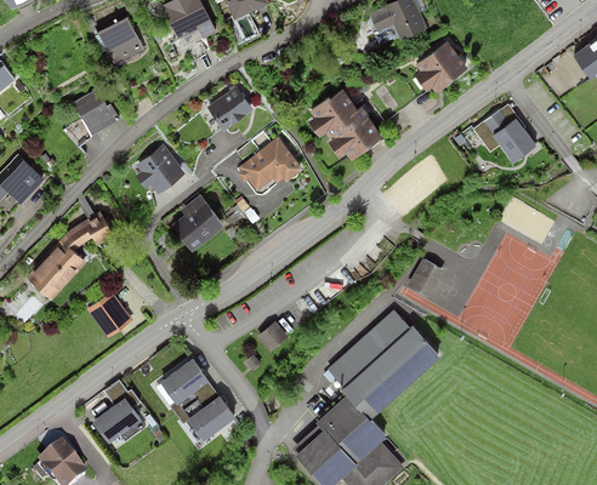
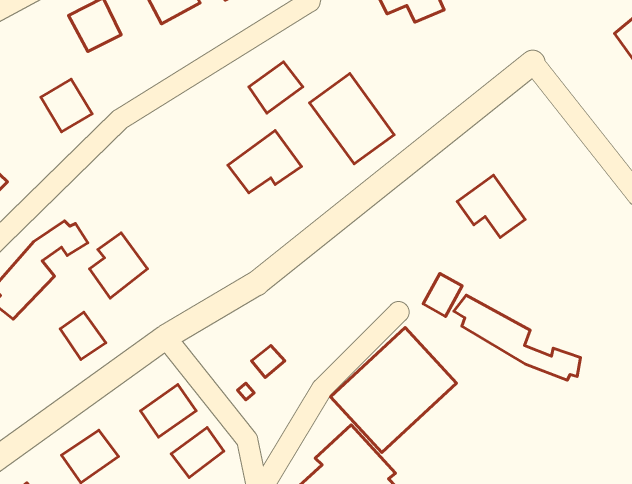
building: [417,41,468,91] -> none
building: [207,87,255,132] -> [249,62,303,113]
building: [476,107,535,161] -> [457,175,525,237]
building: [136,144,184,193] -> none
building: [174,193,224,250] -> [89,233,148,298]
building: none -> [454,295,580,380]

